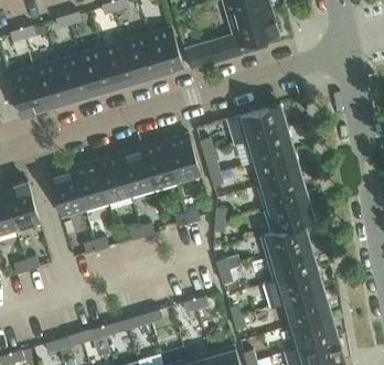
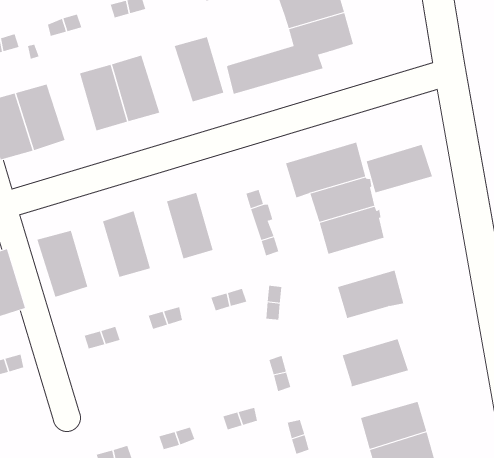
building: [125,34,161,83] -> none
building: [56,54,92,103] -> none
building: [164,133,201,182] -> none
building: [119,147,154,195] -> none
building: [74,161,108,208] -> none
building: [259,173,308,208] -> [366,144,433,193]
building: [263,223,310,258] -> none
building: [263,269,324,308] -> none

